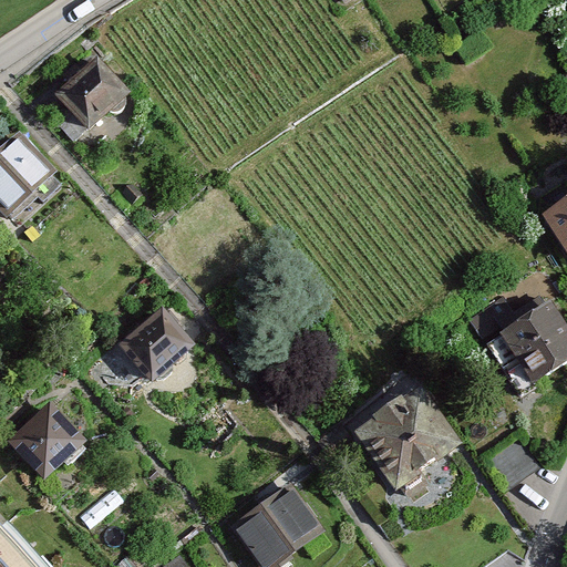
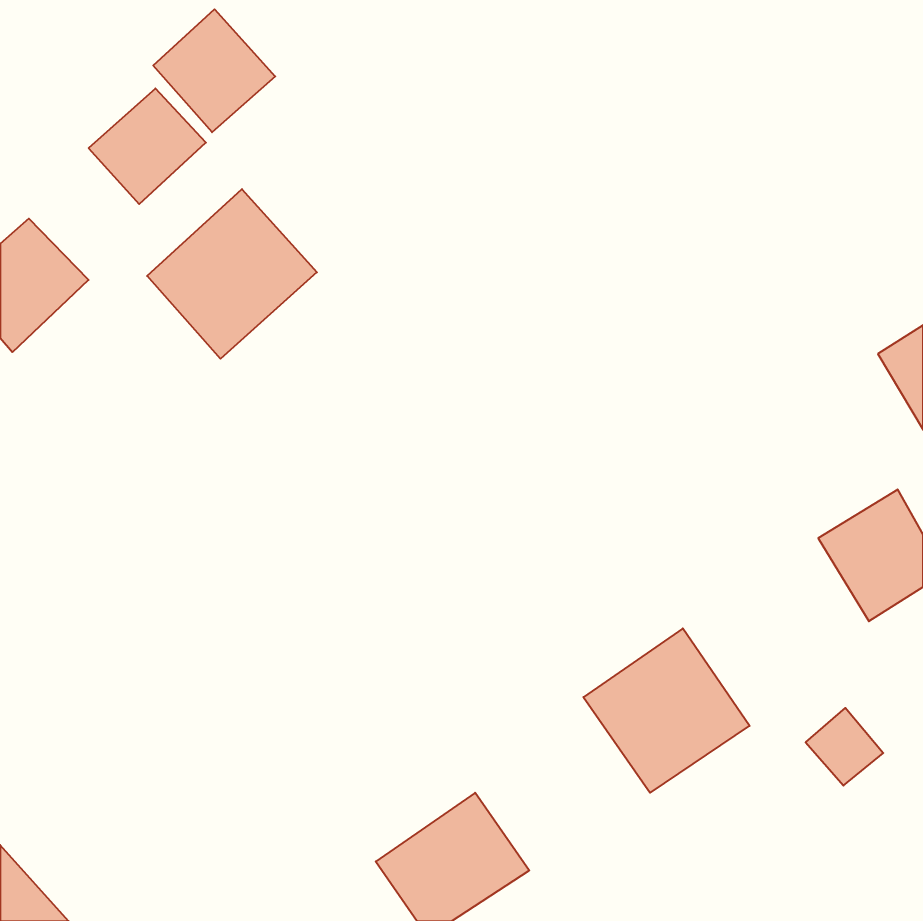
building: none -> [153,9,275,132]
building: none -> [147,189,317,359]
building: [120,309,190,380] -> none
building: [7,403,82,478] -> none

